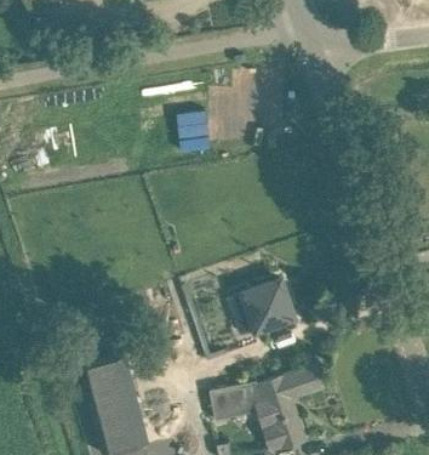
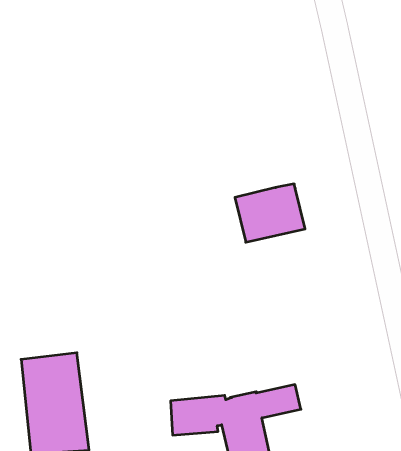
building: [227,278,290,332] -> [235,184,305,242]

